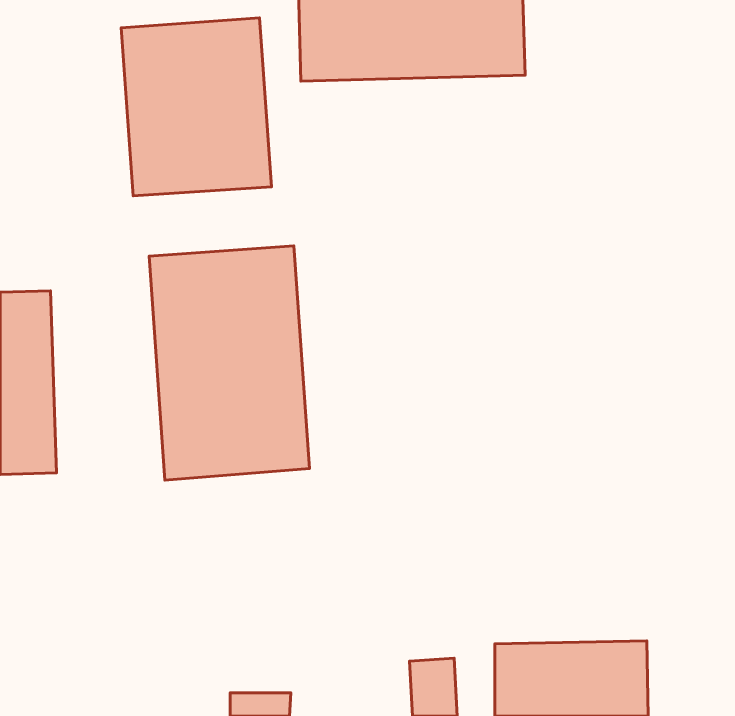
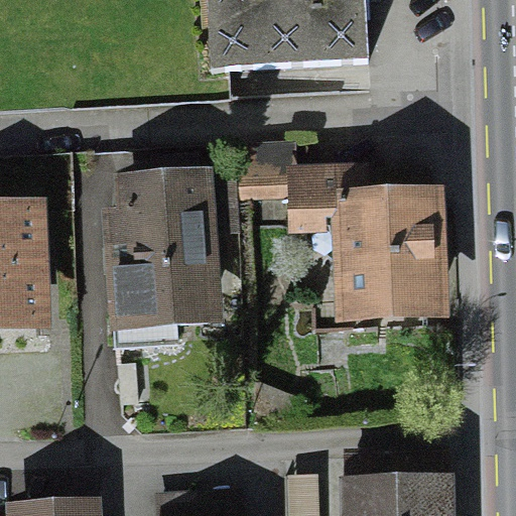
building: [121,18,272,196] -> none
building: none -> [286,168,444,328]

